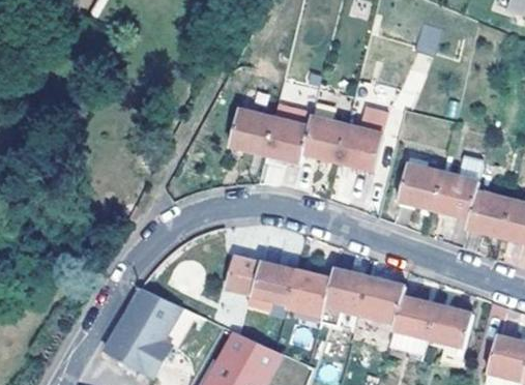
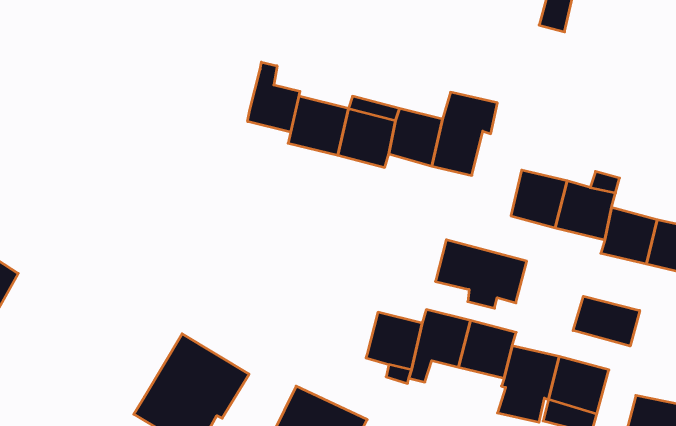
building: none -> [248,62,300,132]
building: [223,255,293,307] -> [435,240,527,308]
building: none -> [573,296,640,346]

